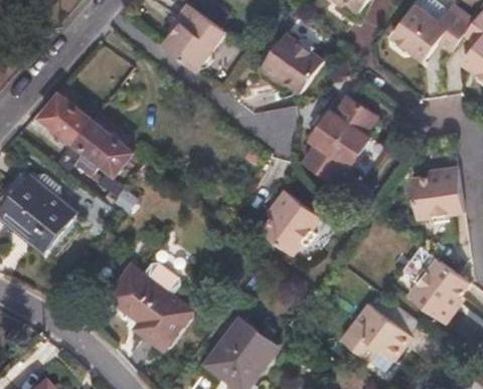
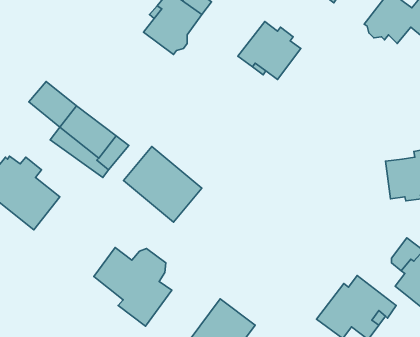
building: [305,96,376,180] -> none
building: none -> [124,146,202,222]
building: [259,190,318,254] -> none

